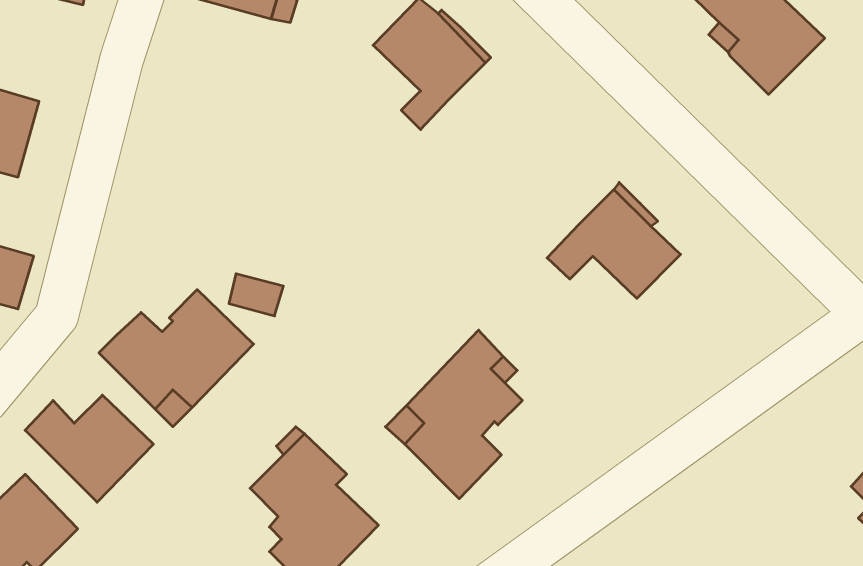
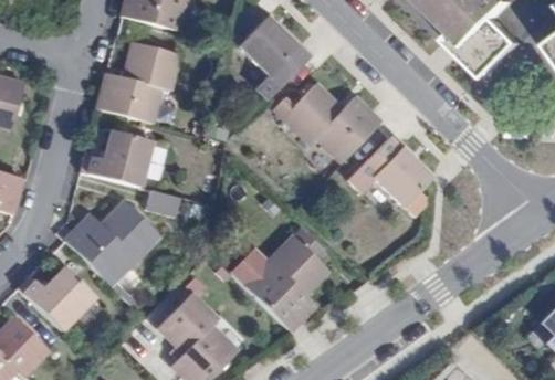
building: none -> [95,40,180,123]
building: none -> [271,83,379,162]
building: none -> [78,124,150,188]

